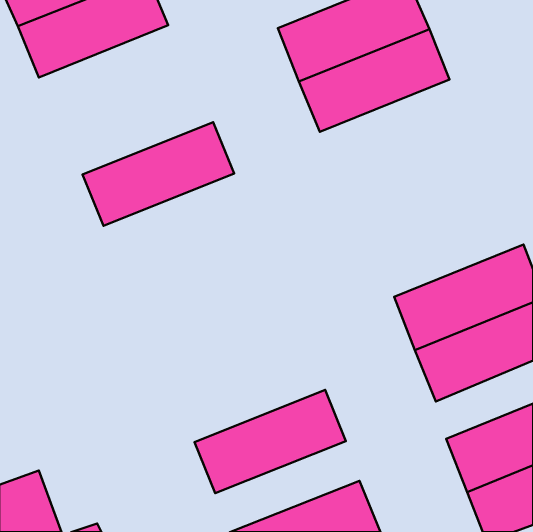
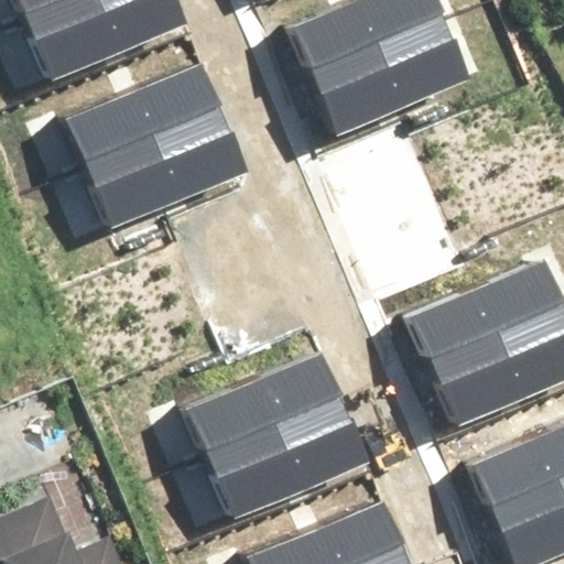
building: none -> [65,74,225,184]
building: none -> [183,356,343,466]

